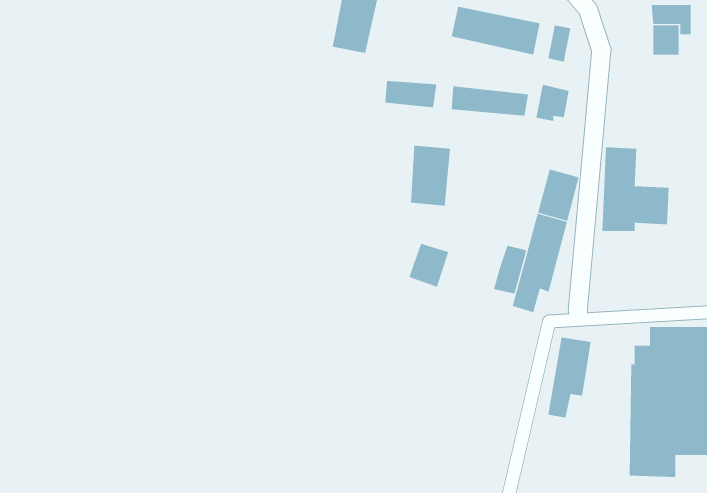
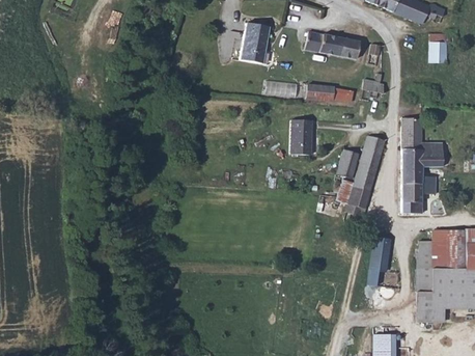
building: none -> [397,171,434,216]
building: [409,243,449,287] -> [334,152,359,179]

